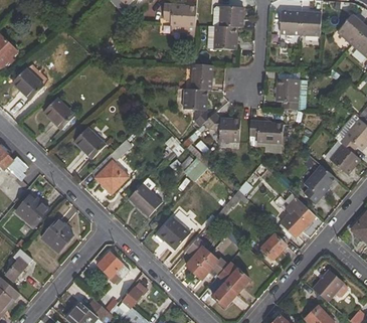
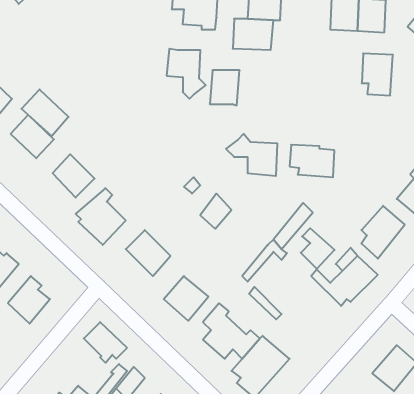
building: [277,77,300,109] -> [362,53,393,95]
building: none -> [21,89,69,136]
building: [183,88,212,125] -> [167,49,206,99]
building: [261,228,287,259] -> [301,228,335,269]

